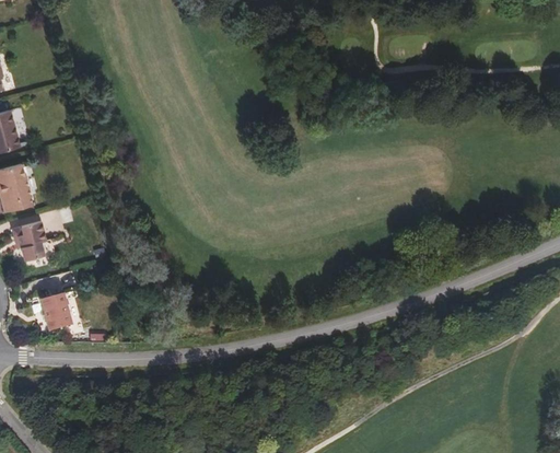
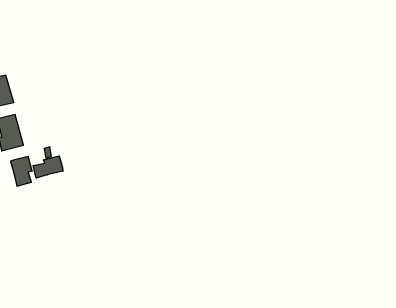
building: none -> [33,156,63,178]
building: [39,293,71,332] -> none

